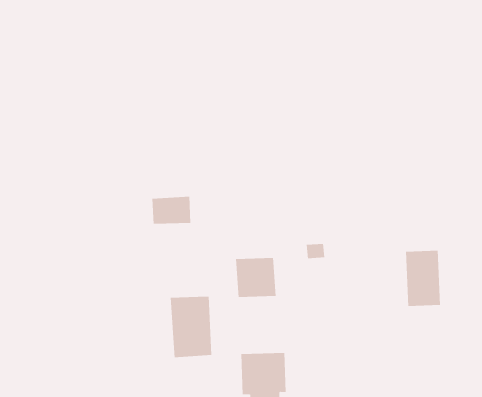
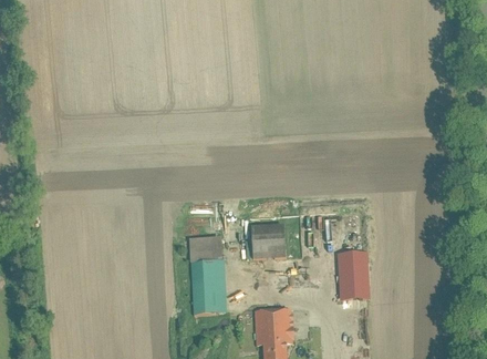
building: [152,196,191,224] -> [189,234,224,258]
building: [405,250,441,307] -> [336,249,367,298]

